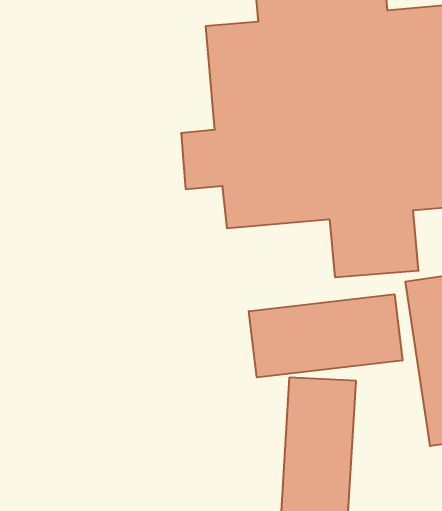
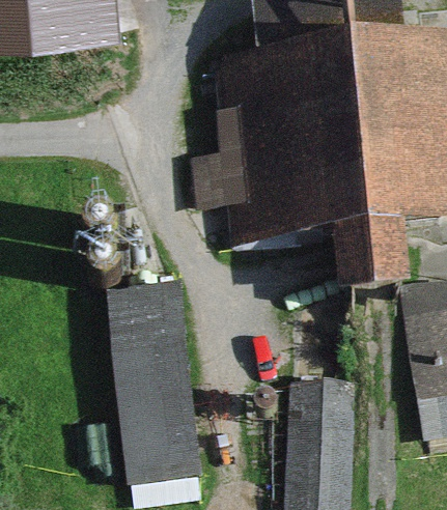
building: none -> [104,282,201,487]
building: [249,294,402,377] -> none

